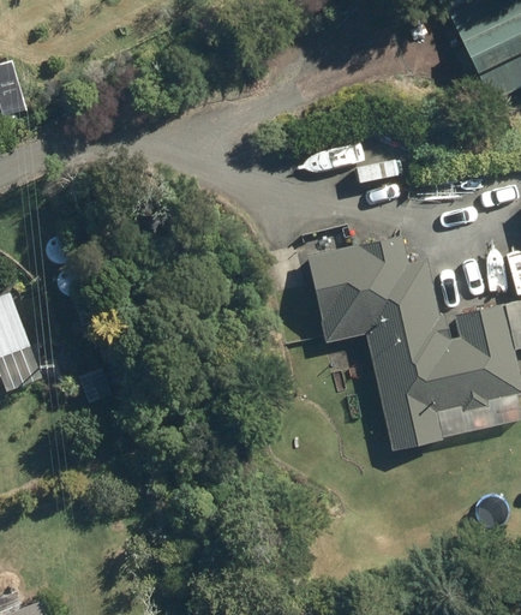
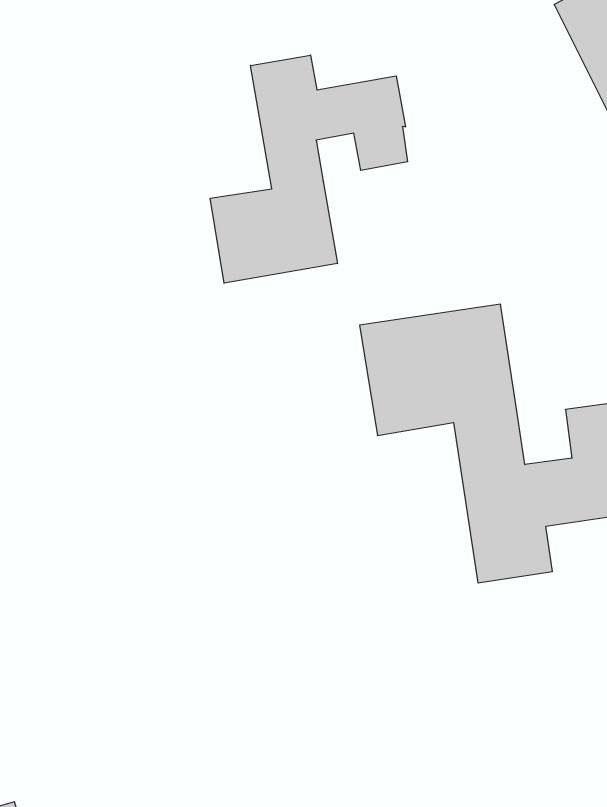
building: none -> [210,55,408,283]

